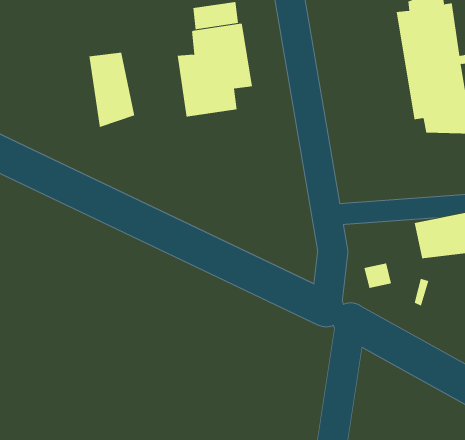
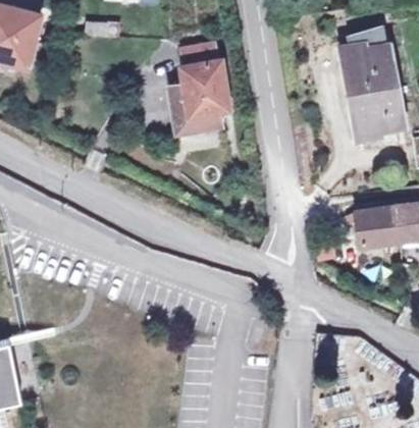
building: [89,52,135,128] -> none

